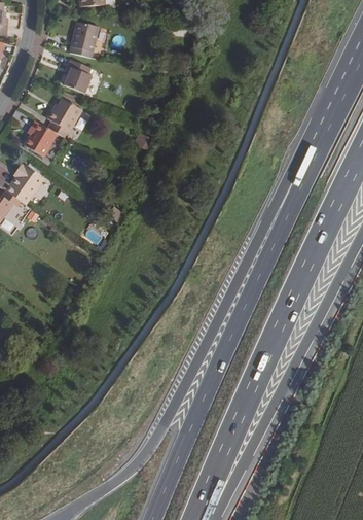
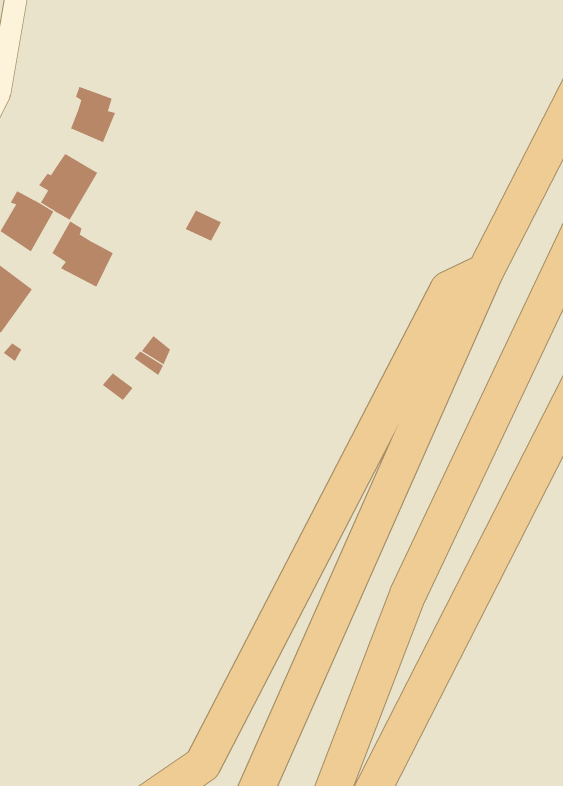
building: [69,22,98,57] -> none
building: none -> [51,220,114,287]

